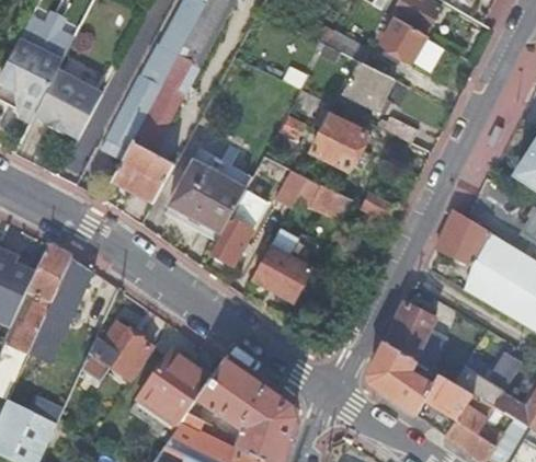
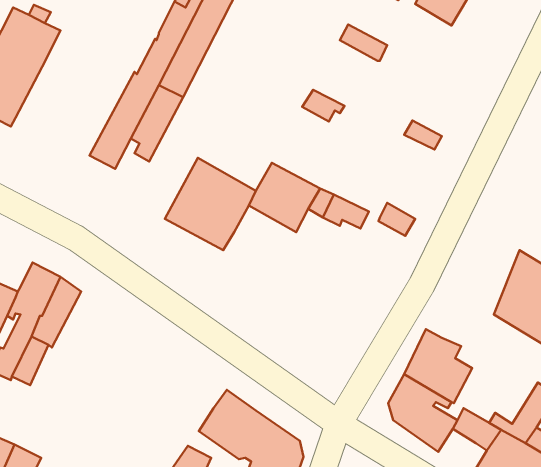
building: [380,16,443,70] -> none
building: [344,62,394,111] -> none
building: [33,68,101,138] -> none
building: [311,114,368,170] -> none
building: [112,132,173,203] -> none
building: [435,212,488,269] -> none
building: [209,217,251,265] -> none
building: [252,224,311,300] -> none
building: [81,322,153,381] -> none
building: [139,348,212,420] -> none

